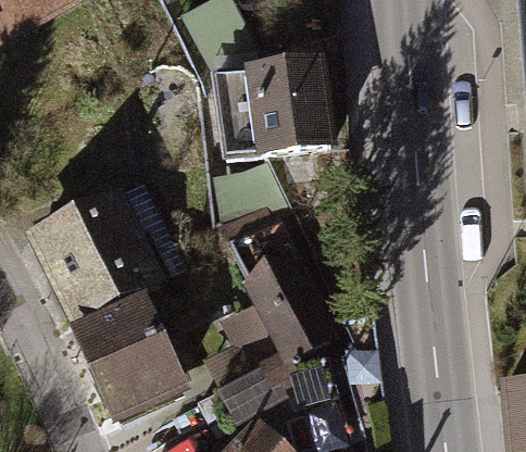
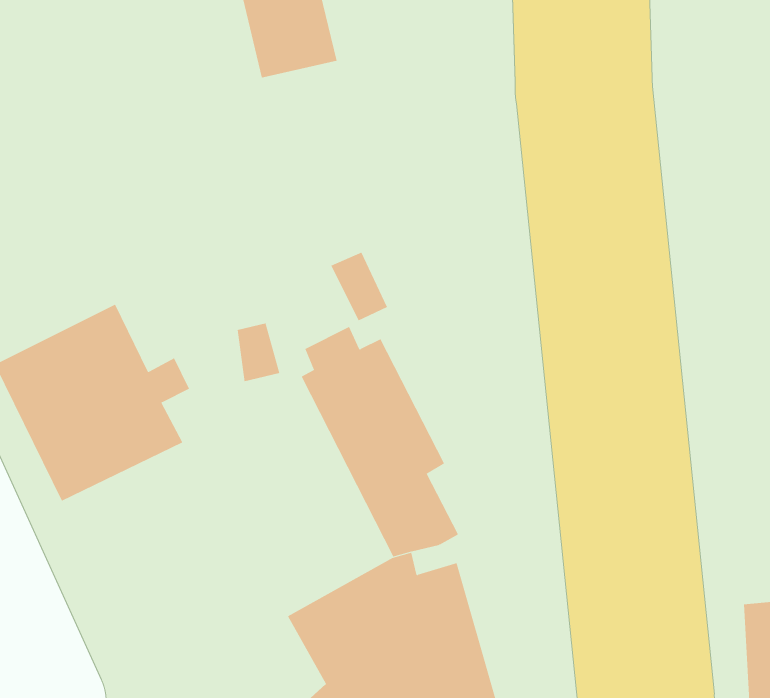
building: [213,66,327,160] -> none
building: [73,303,175,414] -> none

